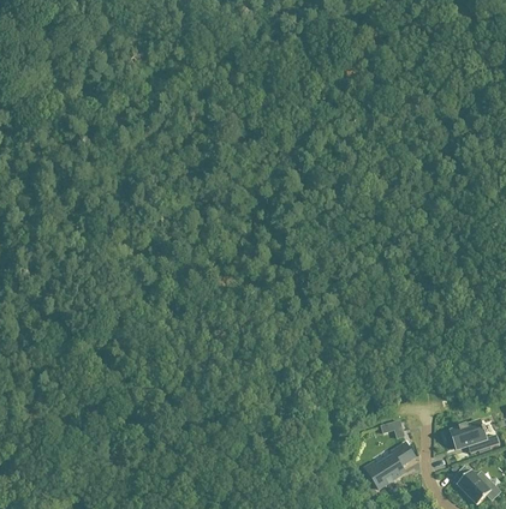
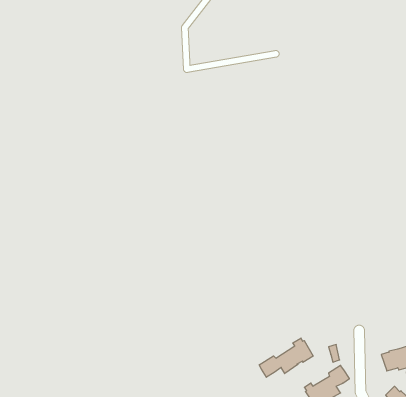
building: none -> [259,338,313,377]

